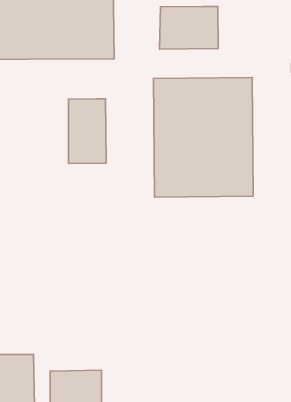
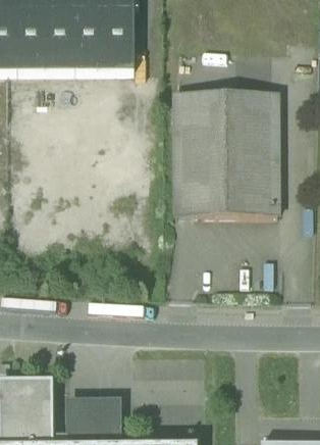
building: [160,6,218,49] -> none
building: [68,99,106,163] -> none

